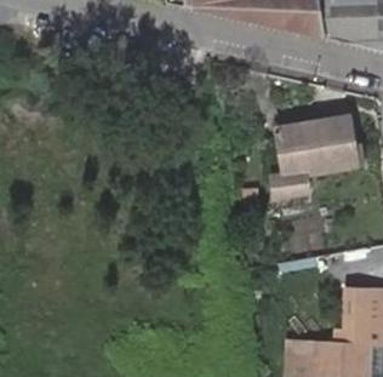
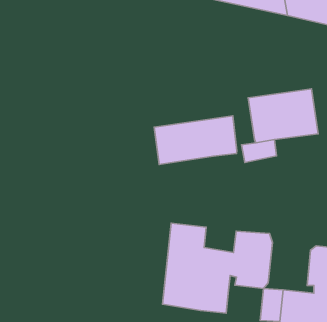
building: none -> [154,116,237,164]
building: none -> [162,223,272,313]

